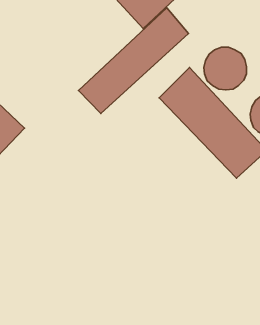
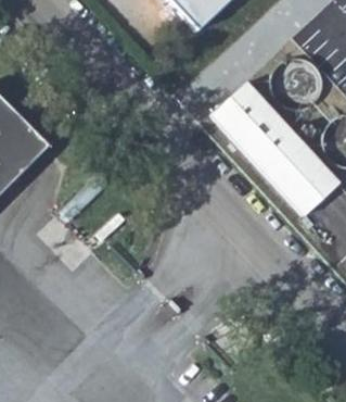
building: [79,8,188,114] -> none

